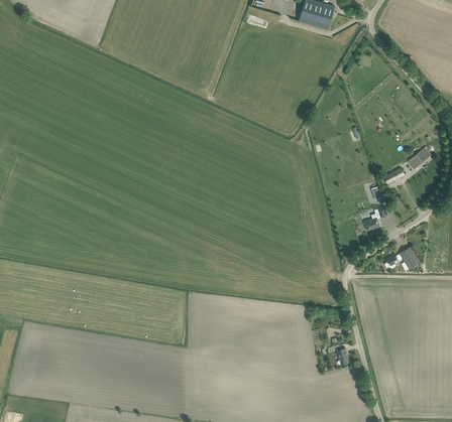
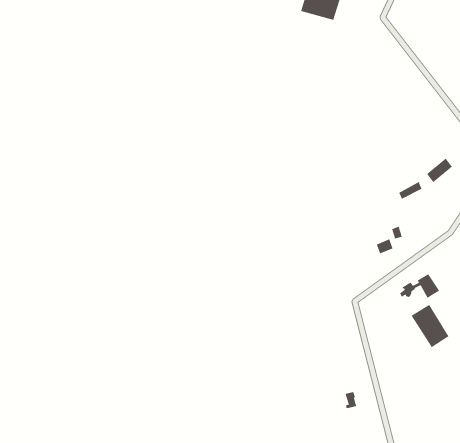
building: none -> [411,304,449,348]

